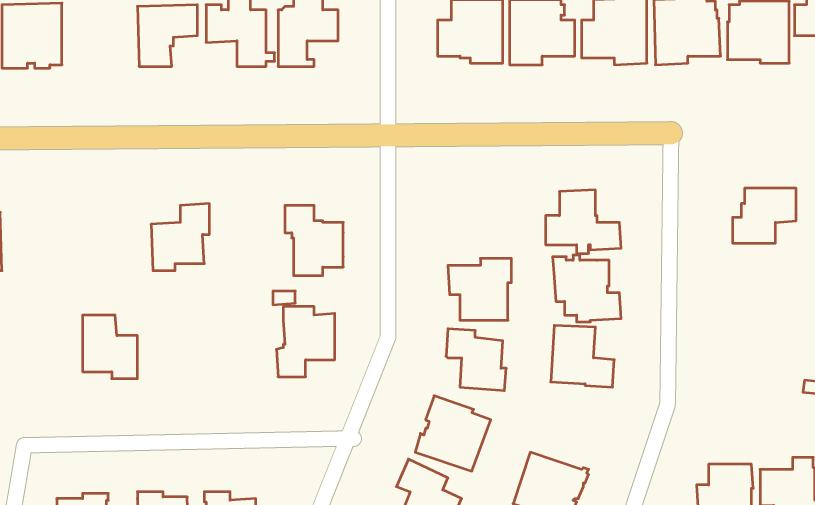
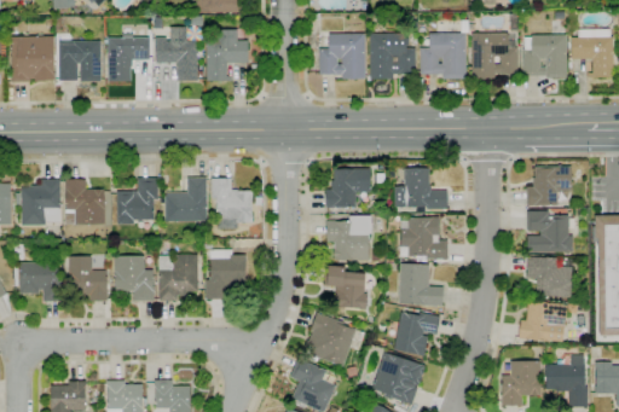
building: none -> [59,41,102,82]
building: none -> [326,168,371,208]
building: none -> [166,178,208,221]
building: none -> [22,179,60,226]
building: none -> [65,180,105,225]
building: none -> [527,211,573,253]
building: none -> [160,255,198,301]
building: none -> [115,256,155,301]
building: none -> [527,257,572,297]
building: none -> [19,262,62,302]
building: none -> [520,301,568,342]
building: none -> [394,313,440,355]

